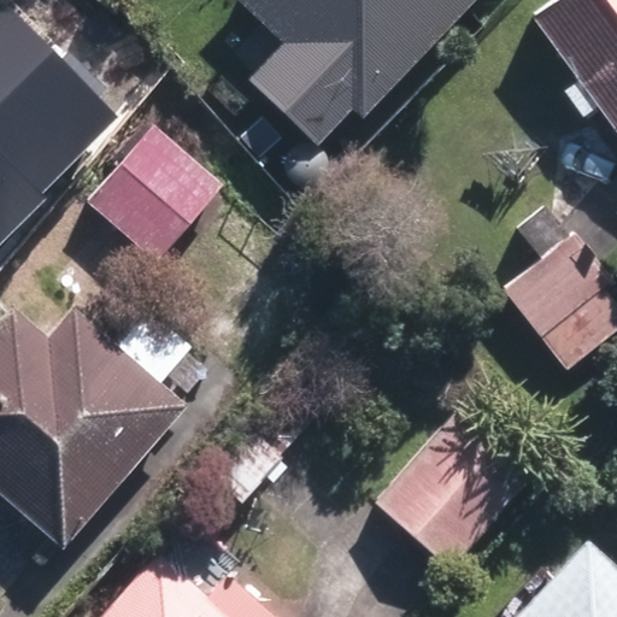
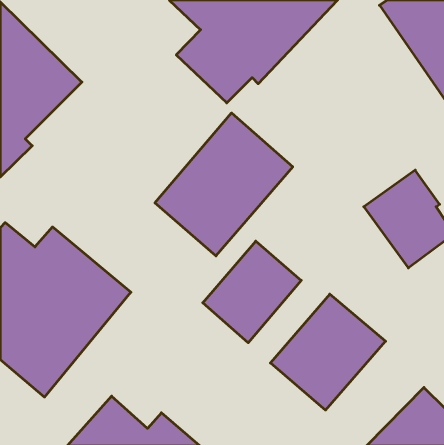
building: [86,123,224,262] -> none
building: none -> [155,113,293,256]
building: none -> [203,241,301,343]

